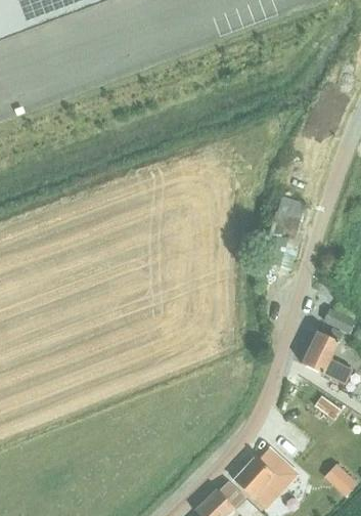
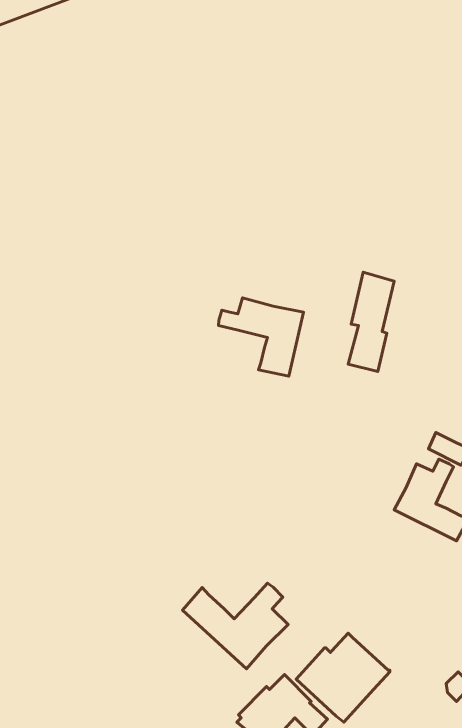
building: none -> [218,298,303,376]
building: none -> [183,583,288,669]

